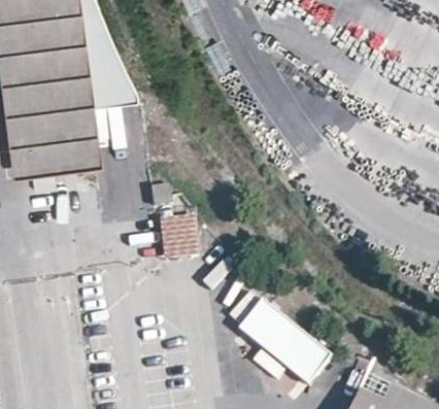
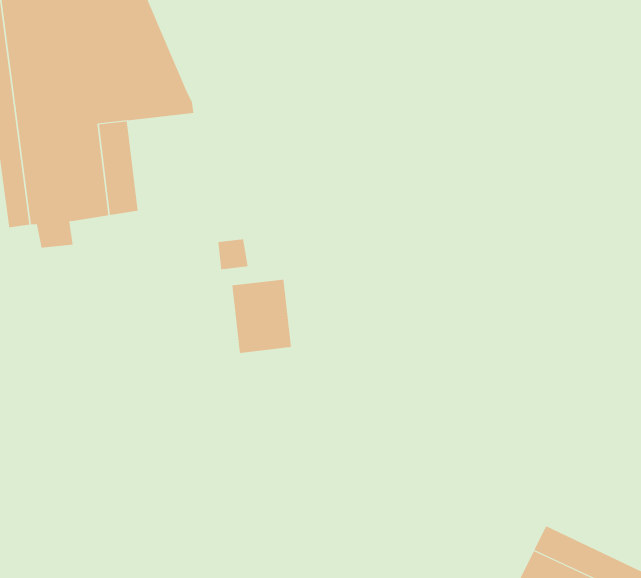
building: [239,300,333,387] -> none

